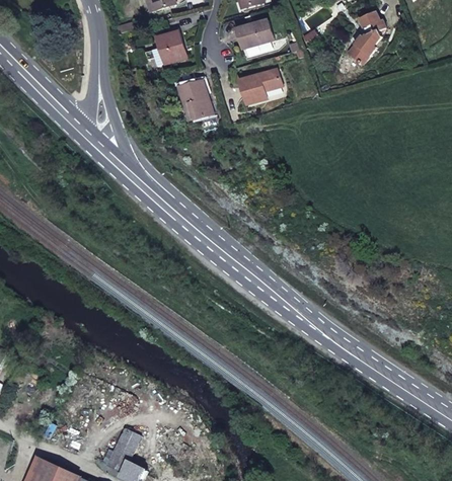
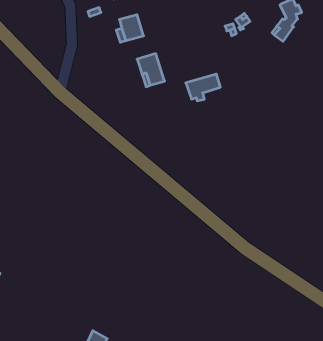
building: [235,19,273,50] -> none
building: [238,69,282,102] -> [186,74,220,101]

